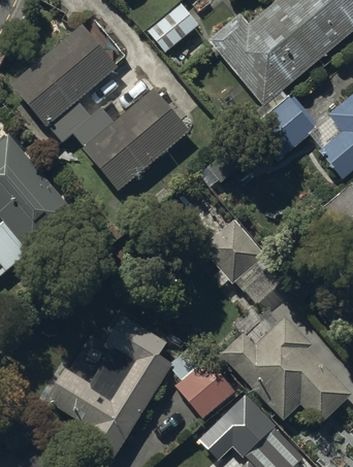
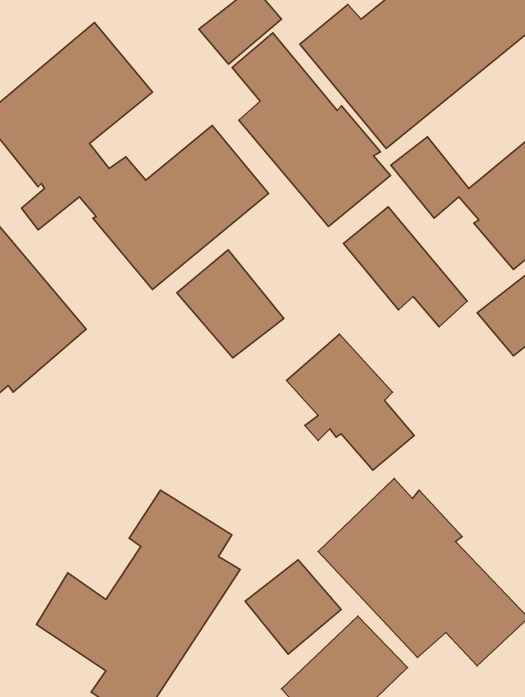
building: none -> [232,33,390,226]
building: none -> [343,207,467,327]
building: none -> [177,250,284,358]

